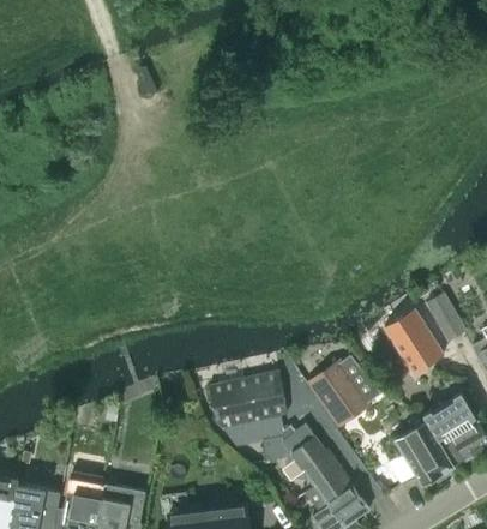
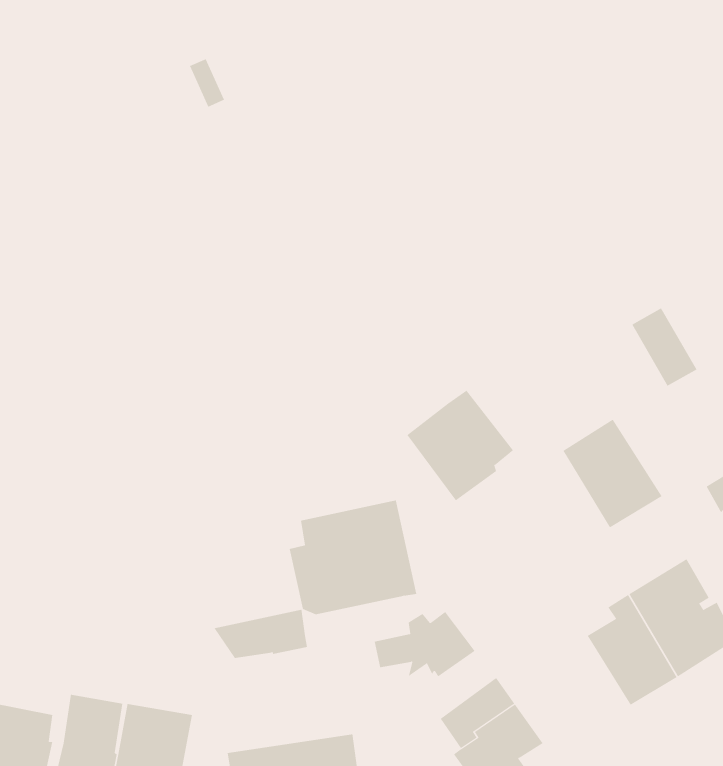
building: [423,293,465,343] -> [631,307,697,387]
building: [311,355,379,426] -> [406,390,514,501]
building: [224,416,284,447] -> [214,609,308,658]
building: [291,450,339,494] -> none

